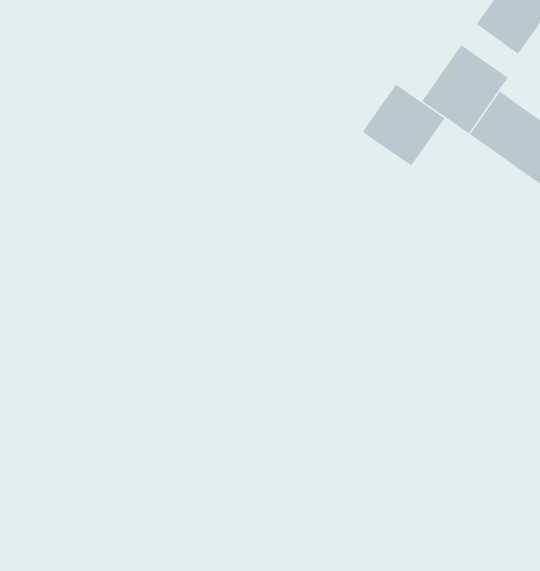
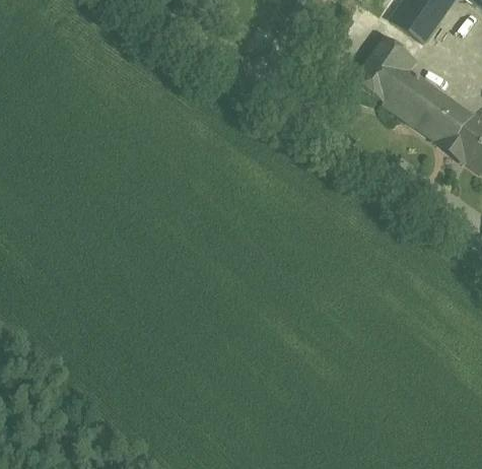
building: [362,84,445,167] -> none

